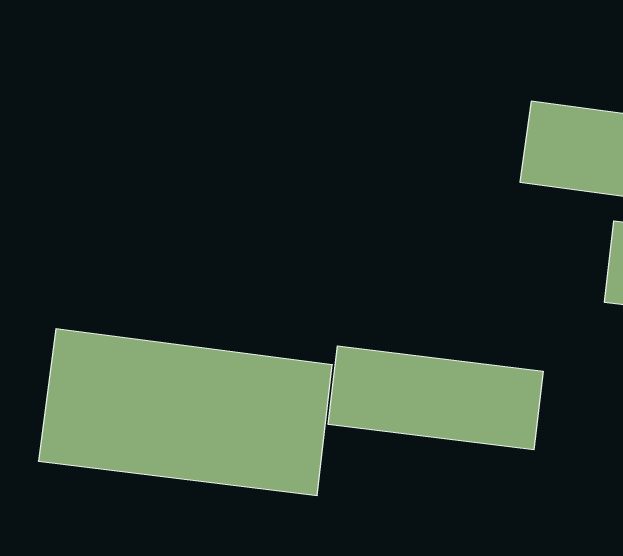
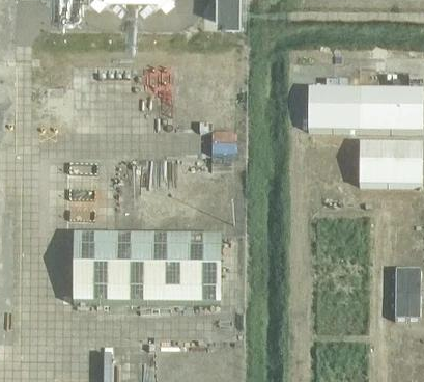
building: [328,346,543,450] -> none

